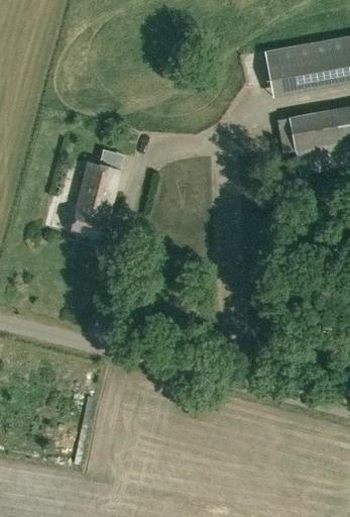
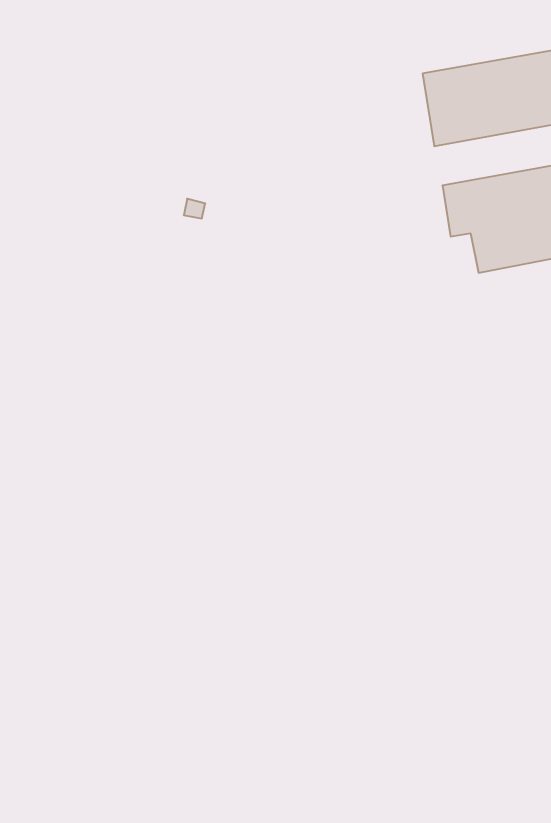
building: [71,161,120,237] -> none

